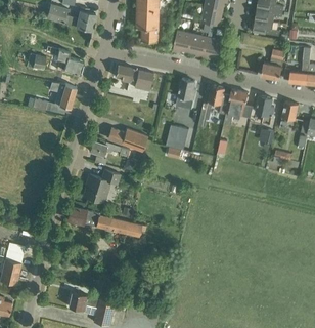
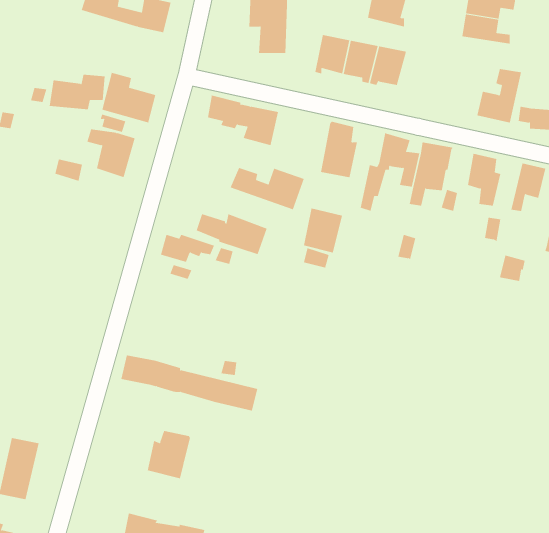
building: none -> [230,167,305,210]
building: [83,169,119,202] -> none
building: none -> [147,430,190,479]

